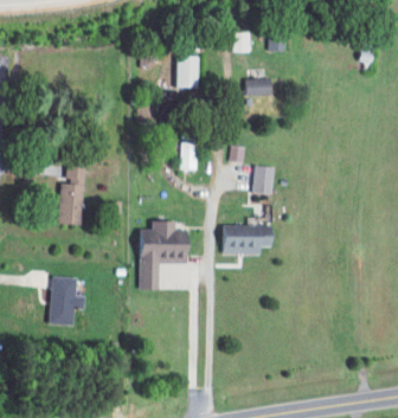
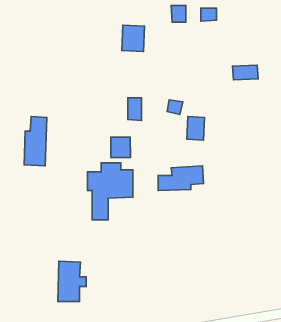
building: [244,78,275,96] -> [232,65,258,80]
building: none -> [111,137,130,157]
building: [50,277,84,326] -> [58,261,86,301]

